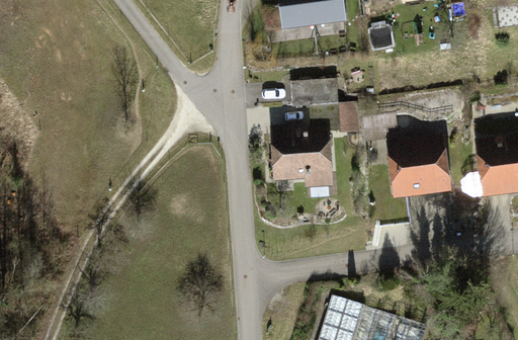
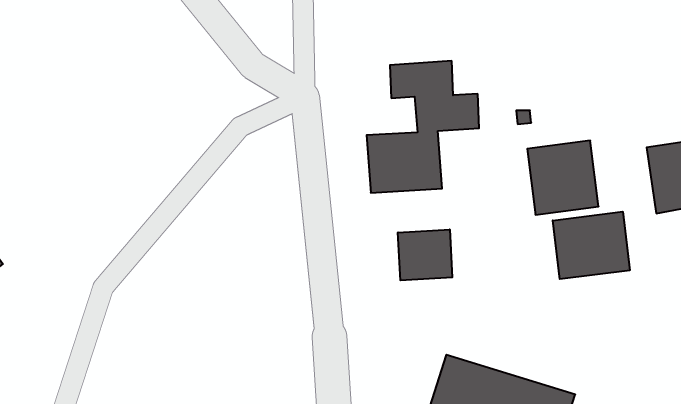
building: none -> [553,212,630,279]
building: none -> [398,229,452,280]

